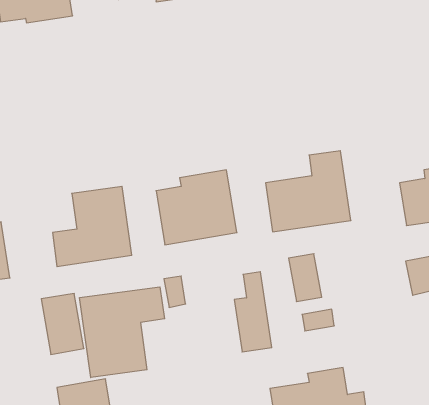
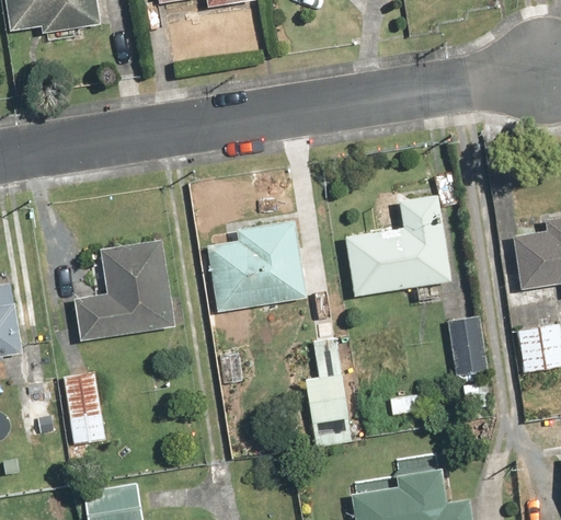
building: [289,254,322,302] -> [449,321,491,381]
building: [80,287,165,378] -> none

